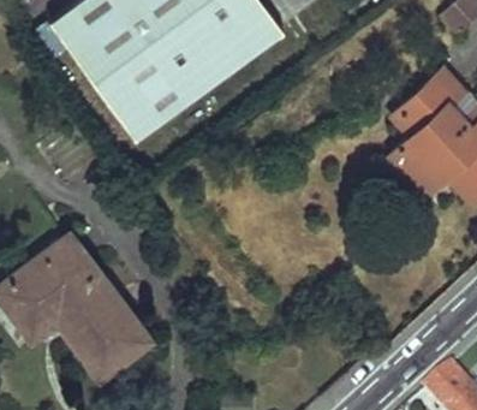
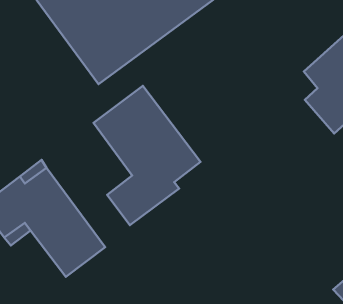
building: none -> [94,86,201,225]

